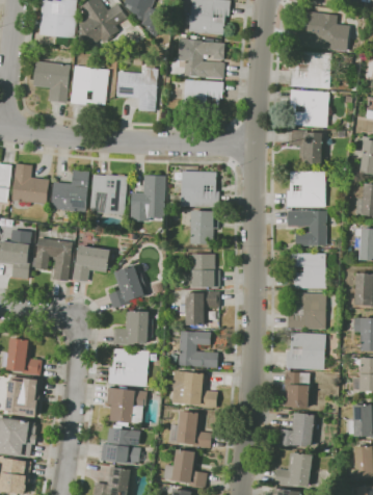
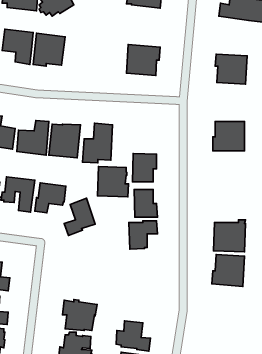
building: [178,38,224,78] -> none
building: [290,51,331,89] -> none
building: [116,69,157,111] -> none
building: [287,130,321,164] -> none
building: [181,171,218,207] -> [98,167,129,197]
building: [287,210,325,245] -> none
building: [287,253,325,289] -> none
building: [113,311,153,344] -> none
building: [178,331,217,368] -> none
building: [107,348,149,386] -> none
building: [171,371,216,409] -> none
building: [283,371,310,409] -> none
building: [276,413,314,446] -> none

